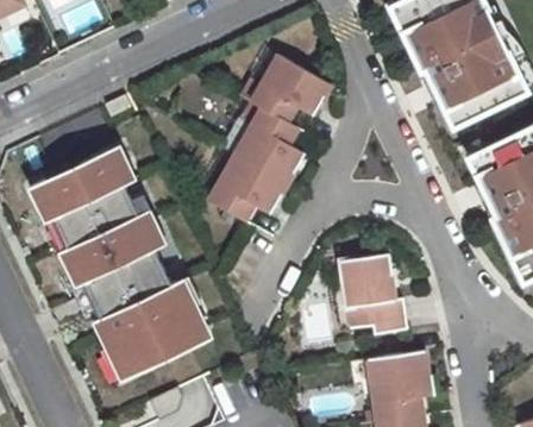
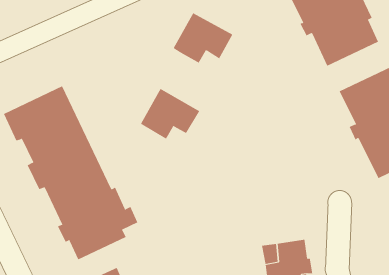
building: [233,107,302,183] -> none
building: [331,253,405,333] -> none

